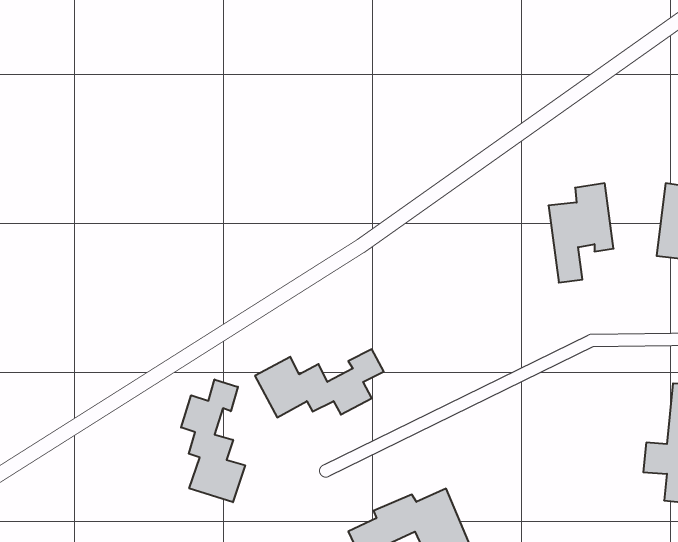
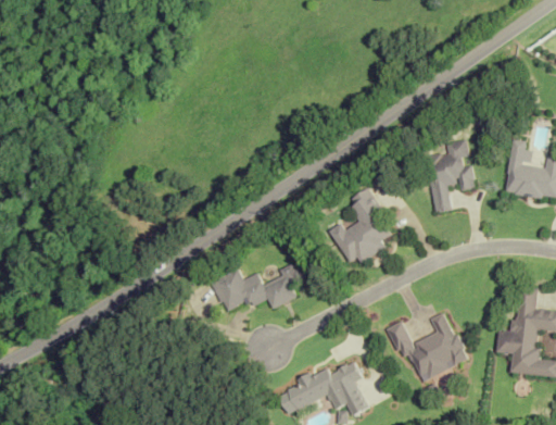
building: none -> [329,187,390,266]
building: [181,379,245,502] -> none
building: none -> [387,312,464,377]

